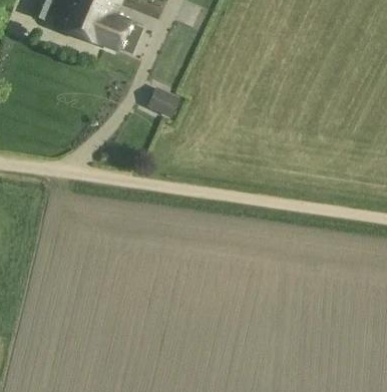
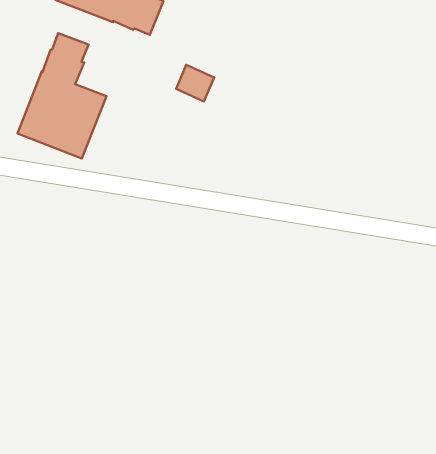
building: none -> [17,33,106,158]

